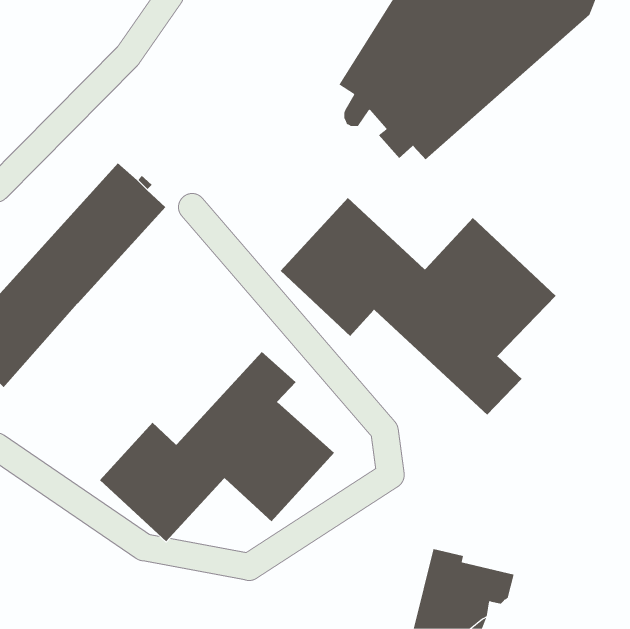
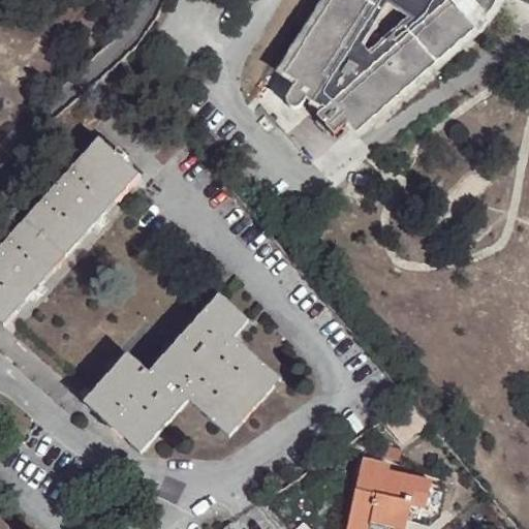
building: [280,197,556,416] -> none

